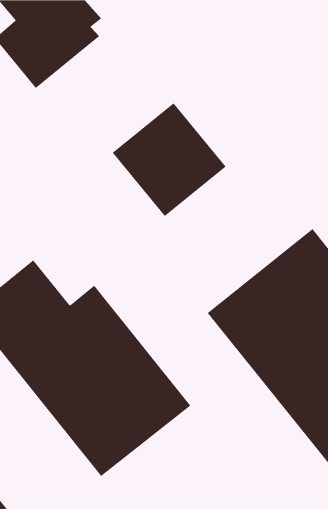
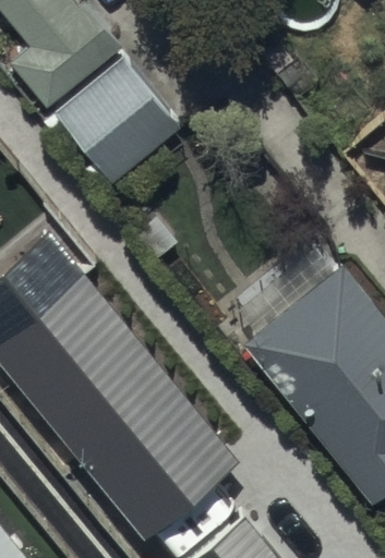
building: [112,103,226,217] -> [59,60,178,179]

